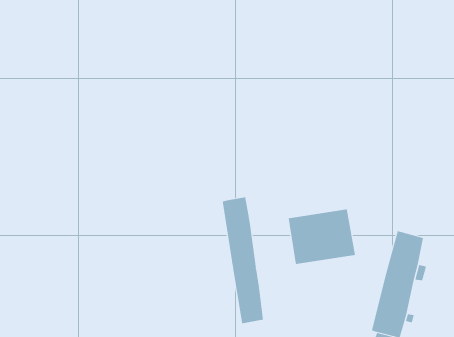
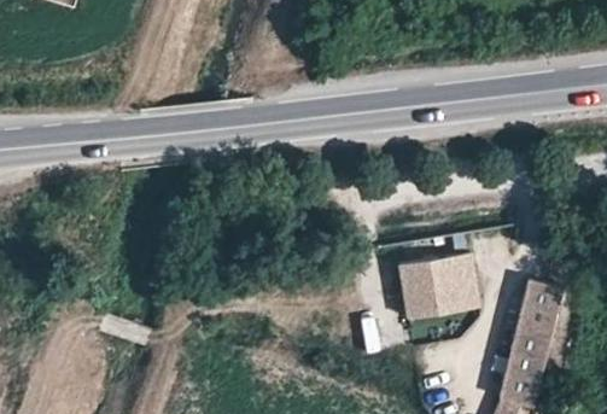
building: [222,196,263,324] -> none

